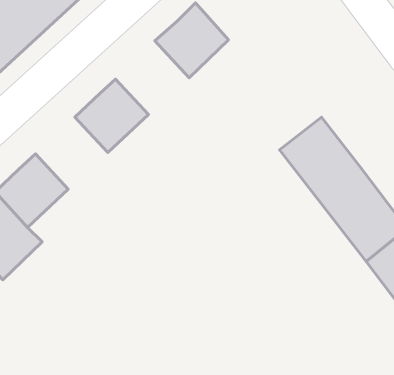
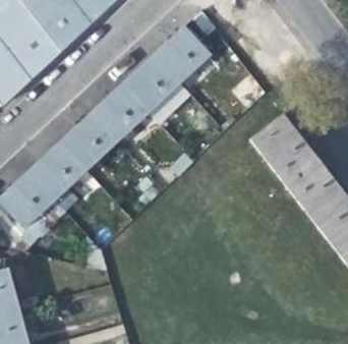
building: none -> [122,54,179,111]
building: none -> [60,113,116,169]

